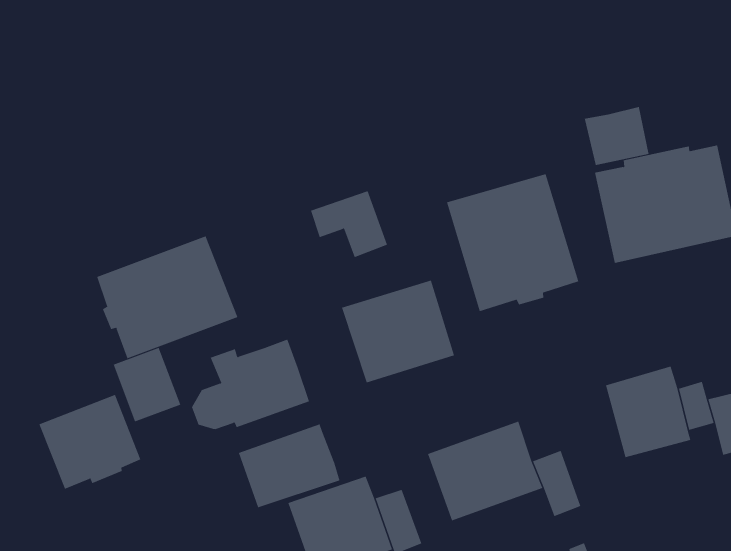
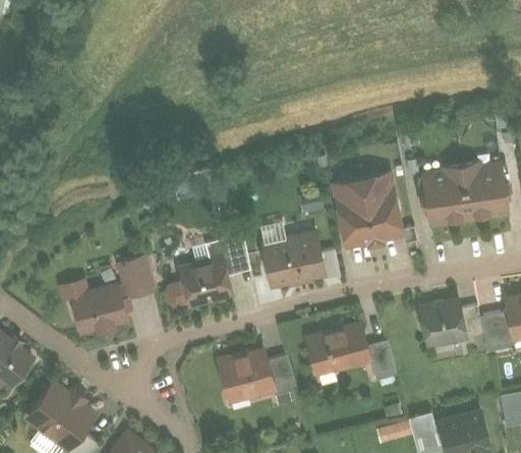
building: [584,106,649,166] -> none
building: [310,190,388,258] -> [206,233,251,274]
building: [96,236,238,359] -> none
building: [238,424,340,508] -> none

